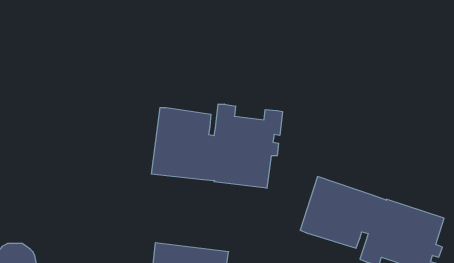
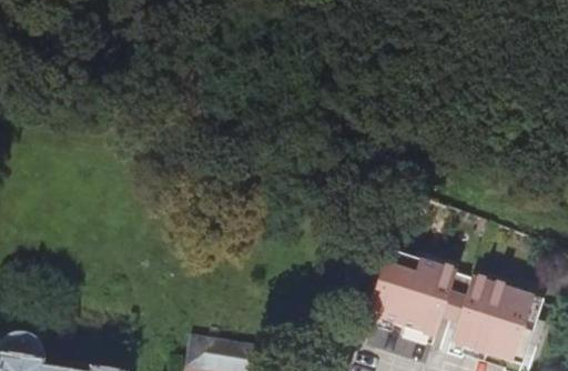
building: [152,104,283,188] -> none

